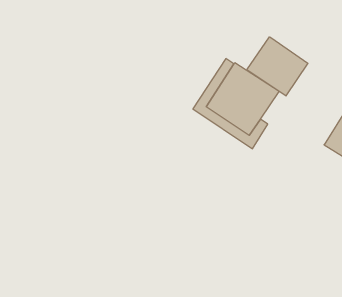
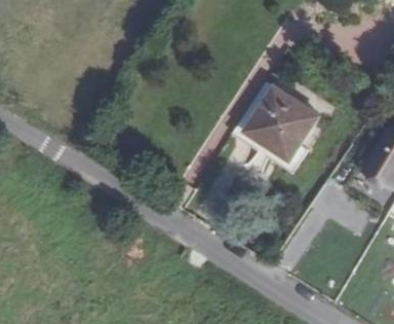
building: [247,37,308,96] -> none

